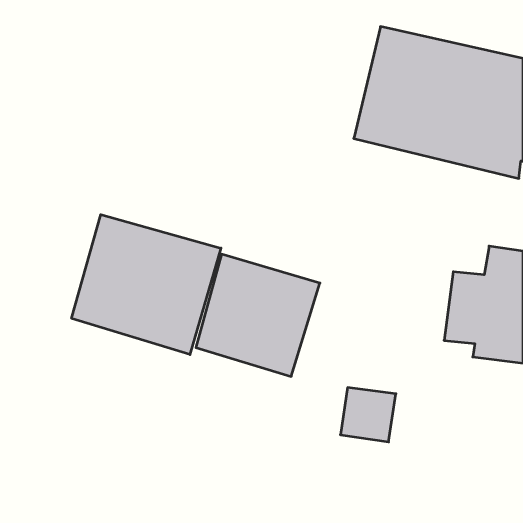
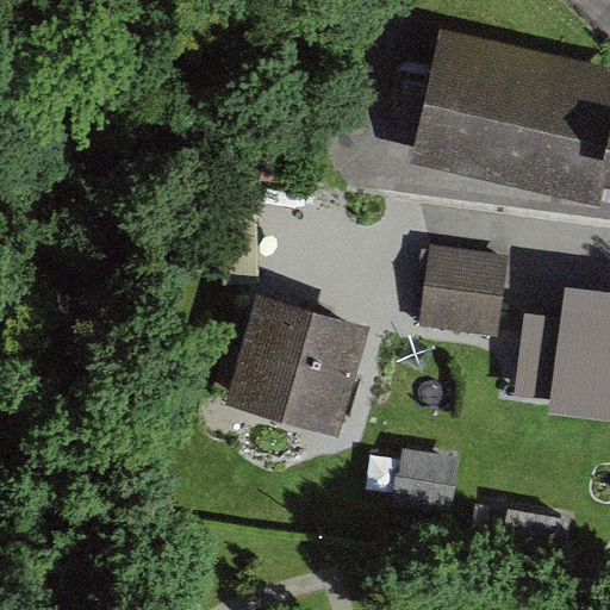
building: none -> [419,247,509,338]
building: [72,215,221,355] -> none

